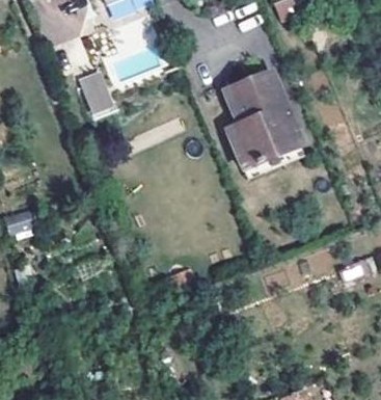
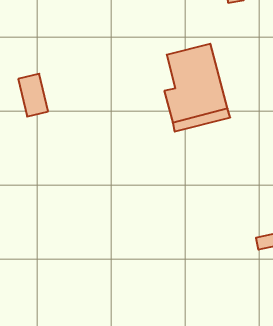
building: [80,68,116,115] -> [18,74,48,117]

